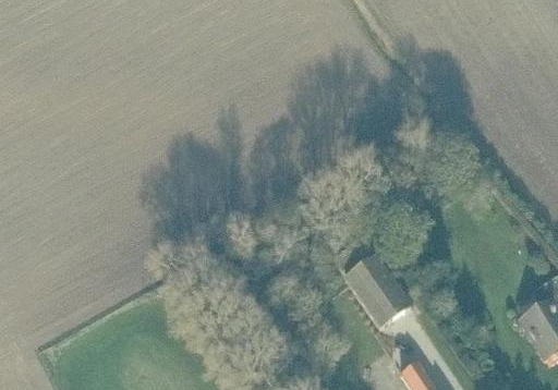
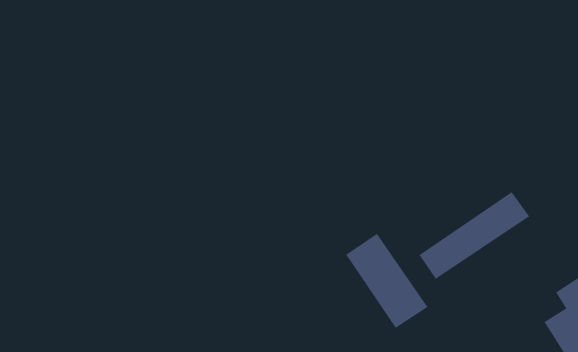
building: none -> [418,191,530,280]

